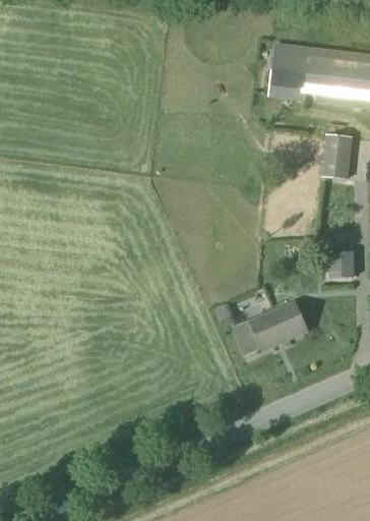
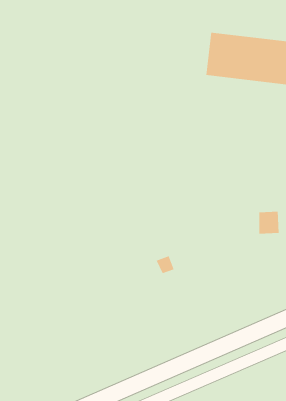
building: [321,132,352,177] -> none
building: [234,299,307,352] -> none

